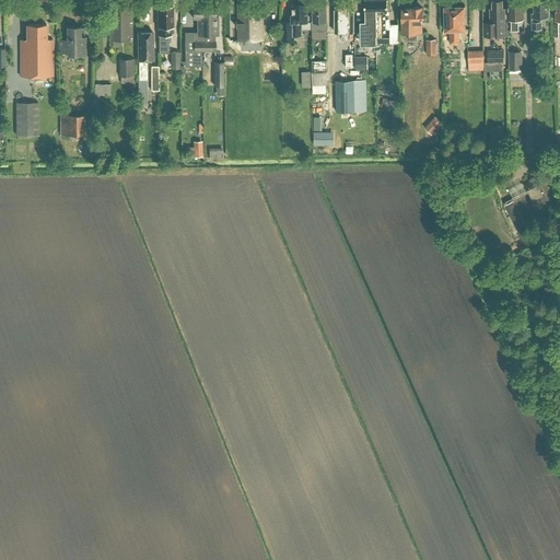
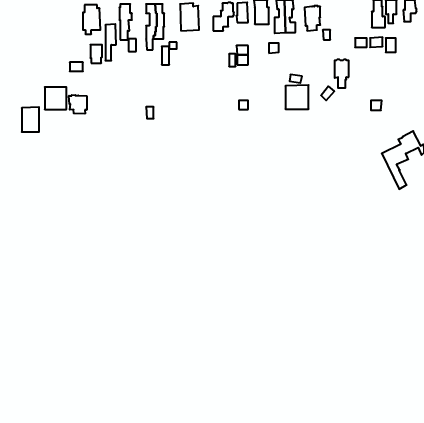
building: [445,8,464,45] -> [335,60,349,88]
building: [20,25,52,78] -> none
building: [59,27,85,57] -> none
building: [336,81,366,113] -> [285,85,309,109]
building: [15,103,38,136] -> [22,107,39,132]
building: none -> [69,95,87,114]

